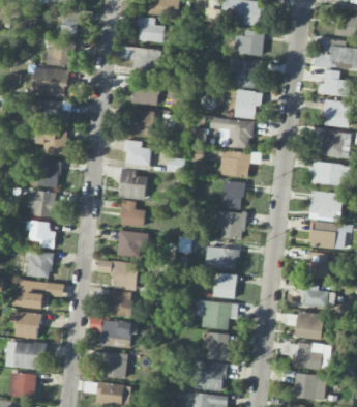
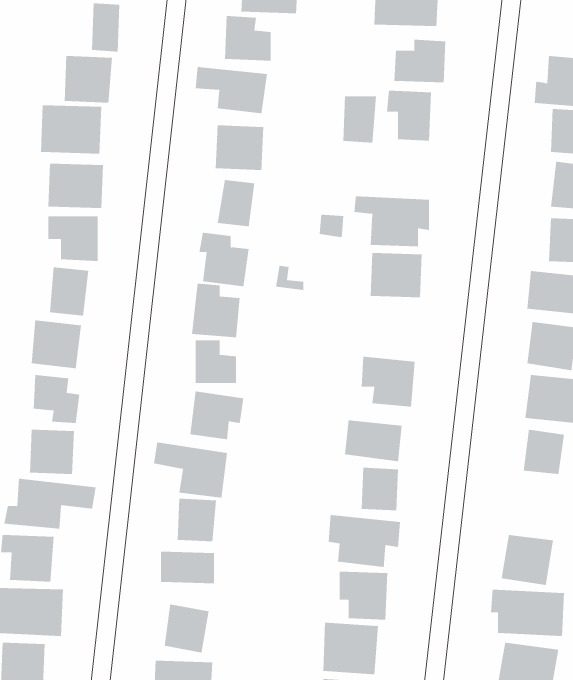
building: [236,91,256,118] -> [342,96,377,143]
building: [221,180,245,209] -> none
building: [303,285,331,307] -> none

